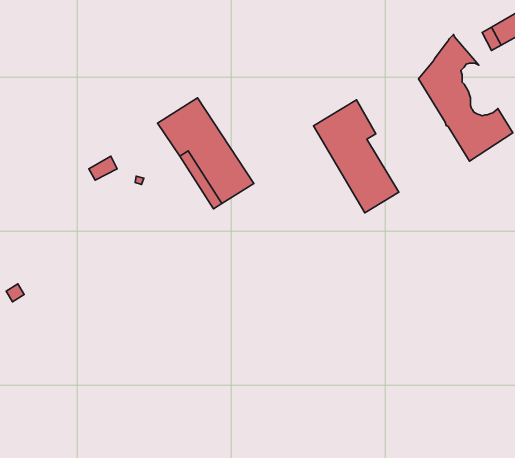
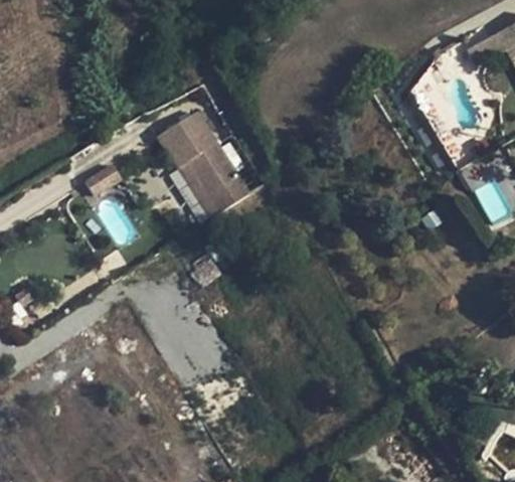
building: [313,100,399,213] -> none

